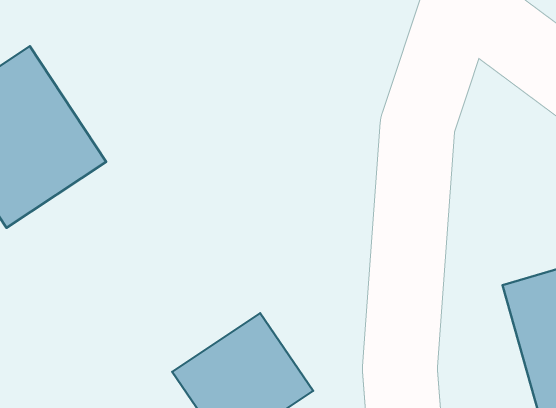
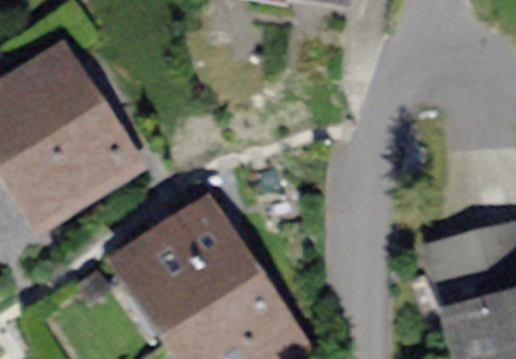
building: none -> [141,215,255,327]

